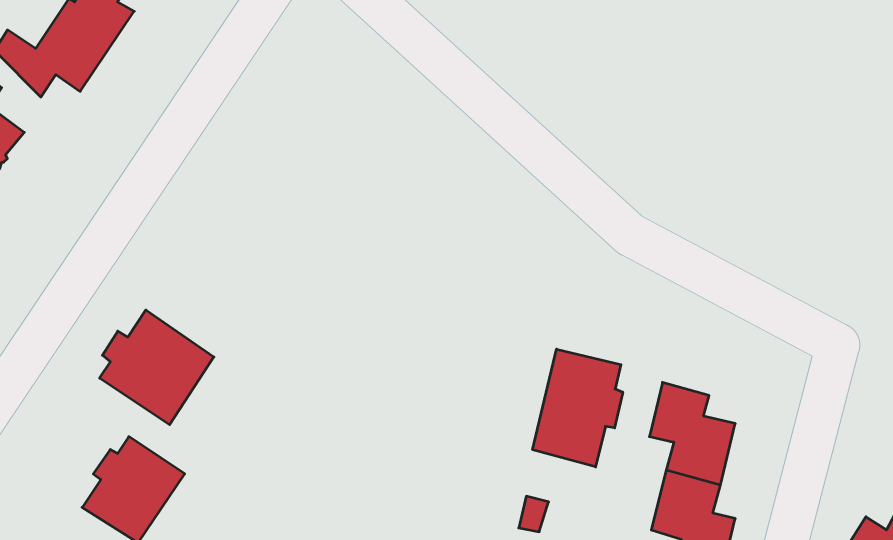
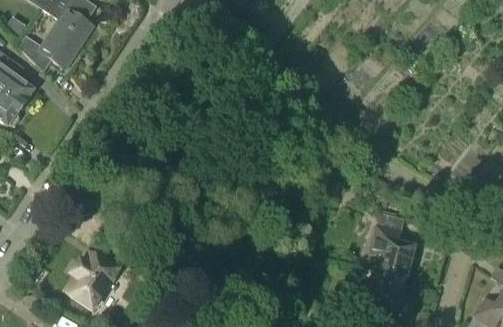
building: [100,310,214,425] -> none
building: [533,349,623,467] -> none

